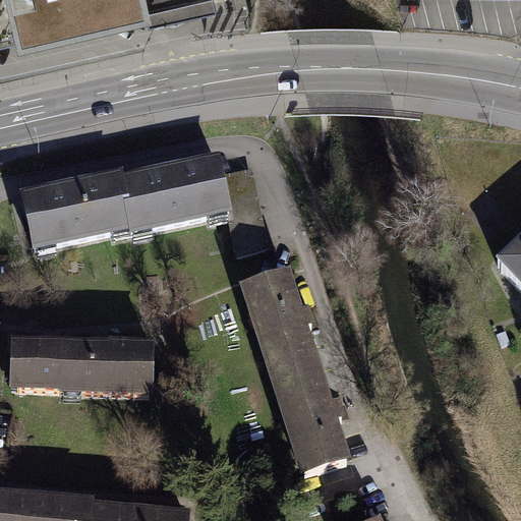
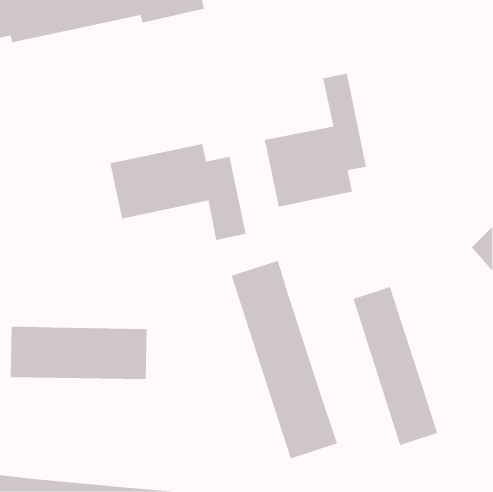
building: none -> [264,73,367,208]
building: [14,165,126,245] -> none
building: none -> [353,286,438,446]

